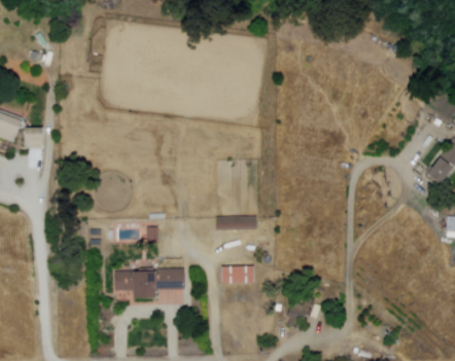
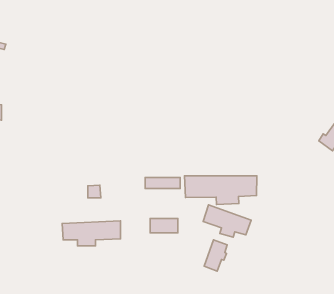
building: none -> [184,176,257,205]
building: none -> [203,205,251,237]

